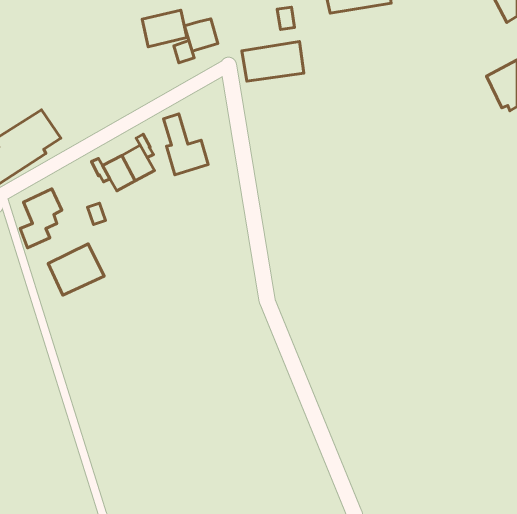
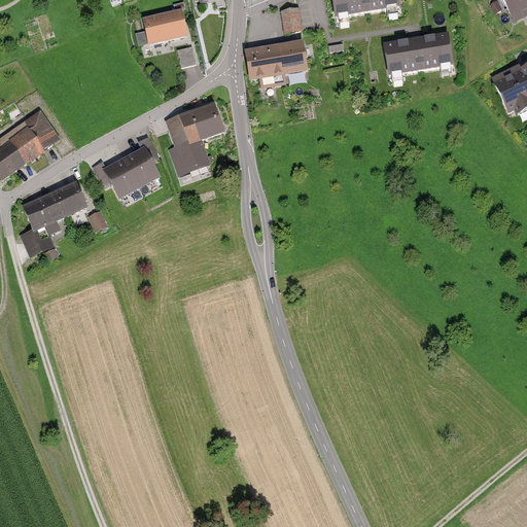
building: [185,19,218,51] -> none
building: none -> [382,32,451,72]
building: none -> [181,105,225,146]
building: none -> [52,182,84,213]
building: [48,244,104,295] -> none

